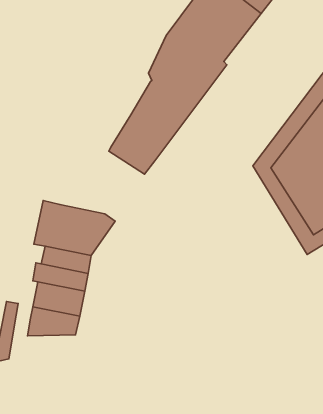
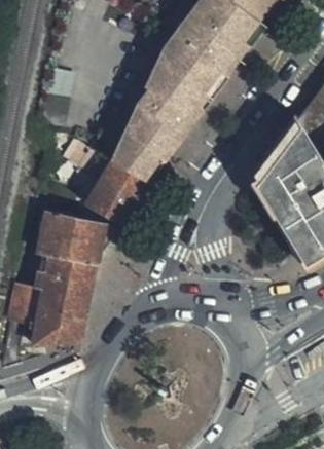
building: none -> [85,161,146,226]
building: none -> [10,284,41,326]

